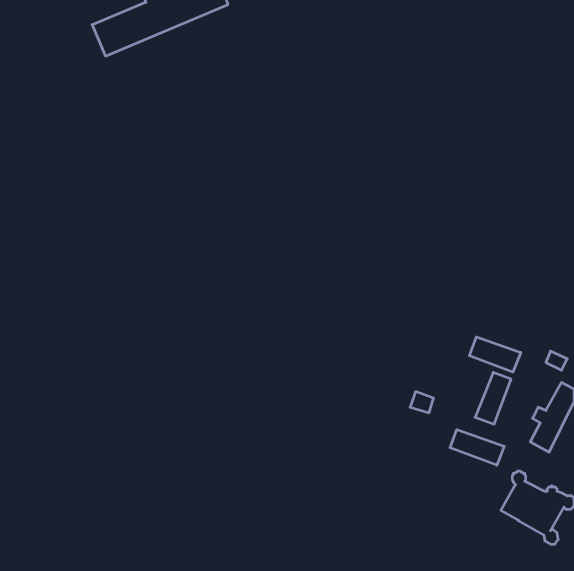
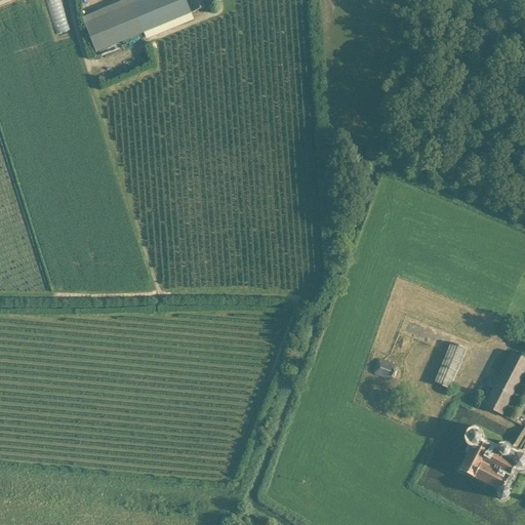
building: [469,337,521,372] -> none
building: [450,430,504,465] -> none

